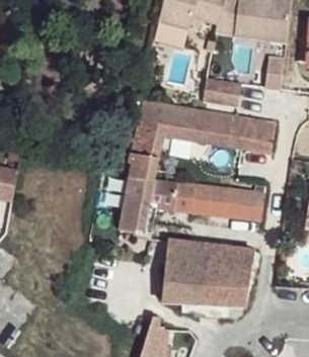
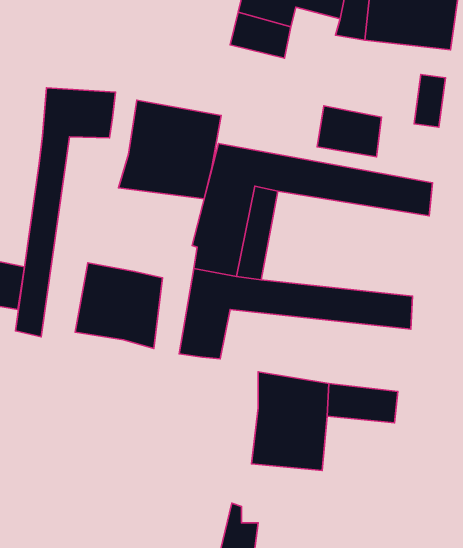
building: none -> [15,88,116,337]
building: none -> [118,100,221,199]
building: none -> [75,263,162,349]
building: [206,267,250,305] -> none

